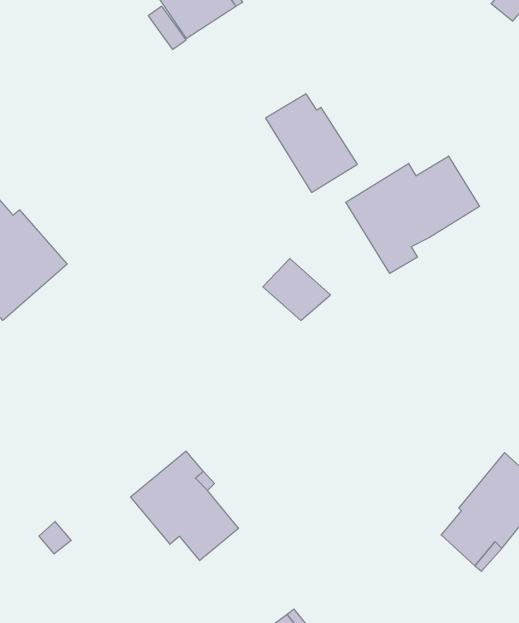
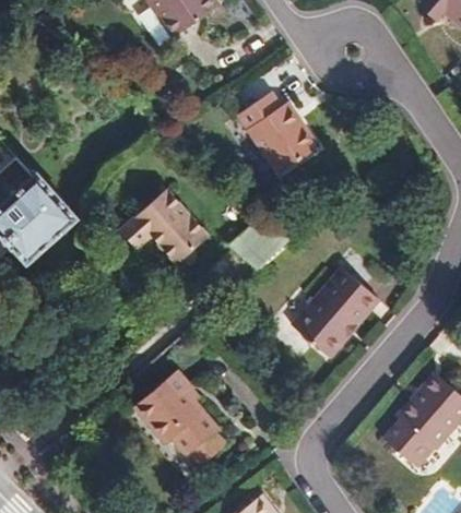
building: [346,156,480,273] -> none
building: none -> [119,189,206,265]
building: none -> [291,267,383,361]

